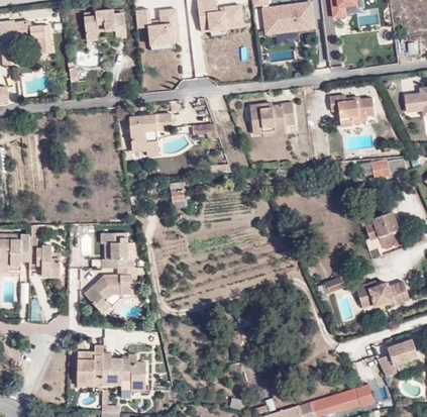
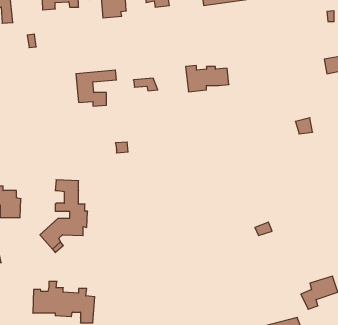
building: [328,95,372,127] -> none
building: [364,212,401,246] -> none
building: [355,284,408,309] -> none

